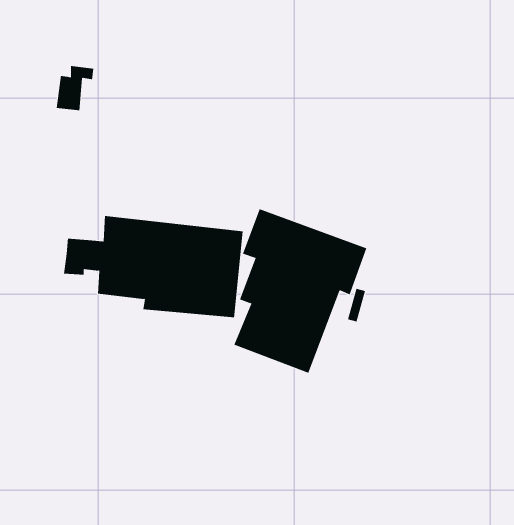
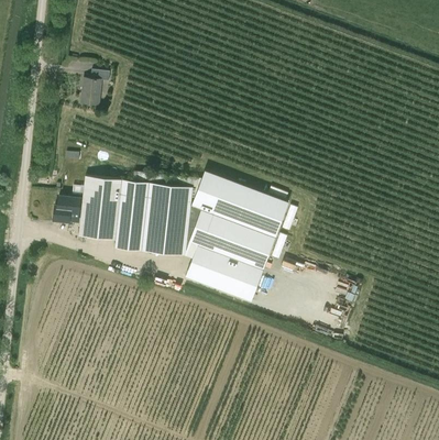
building: [56,65,94,111] -> [81,70,111,106]

